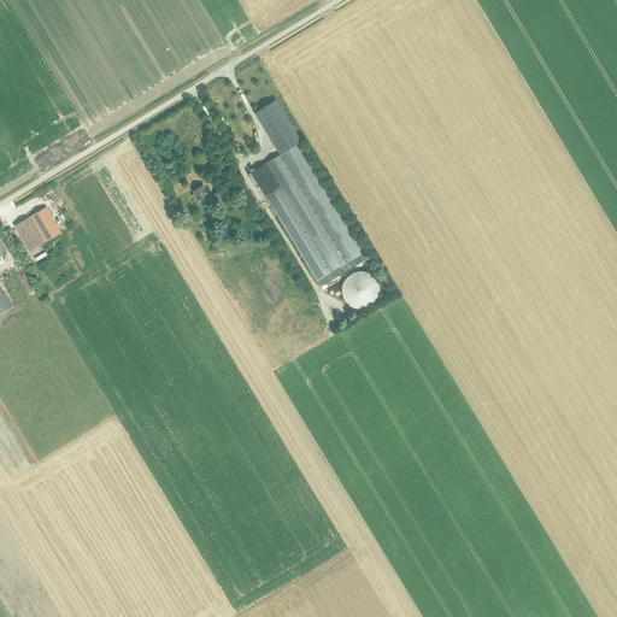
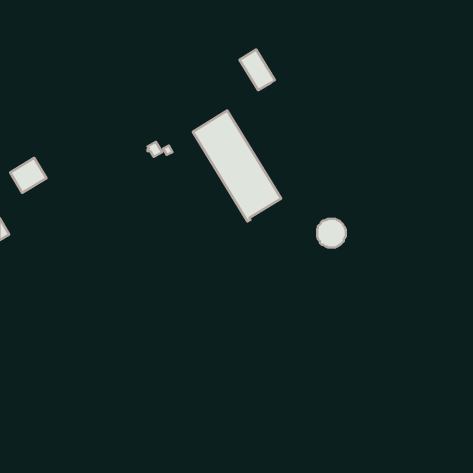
building: [254,100,300,153] -> [239,49,275,90]
building: [341,270,378,307] -> [317,219,346,248]

